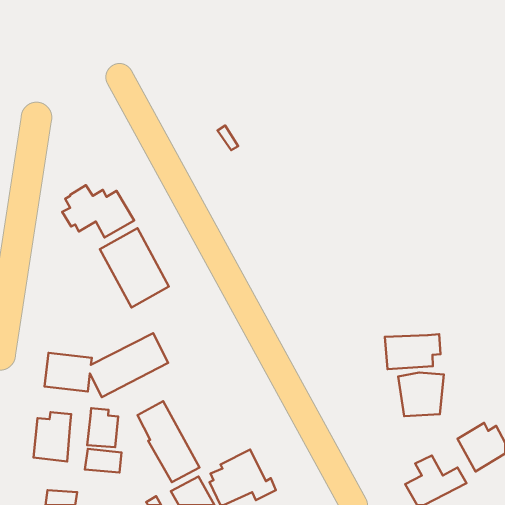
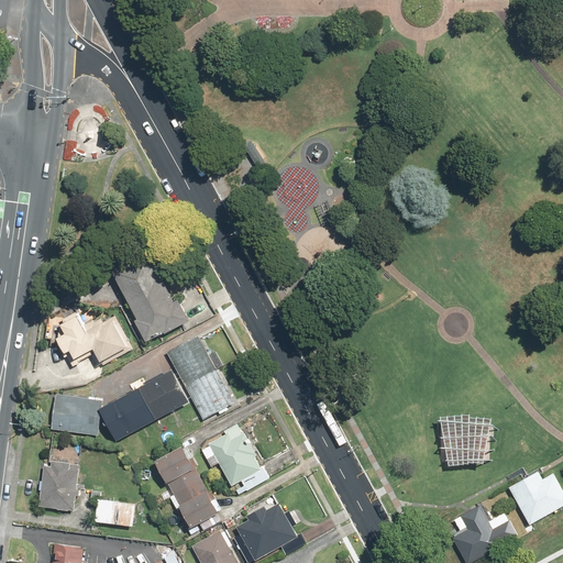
building: [62,185,134,237] -> [54,309,134,367]
building: none -> [166,333,236,420]
building: [385,334,440,369] -> none
building: none -> [203,426,268,495]
building: [87,408,118,447] -> none

